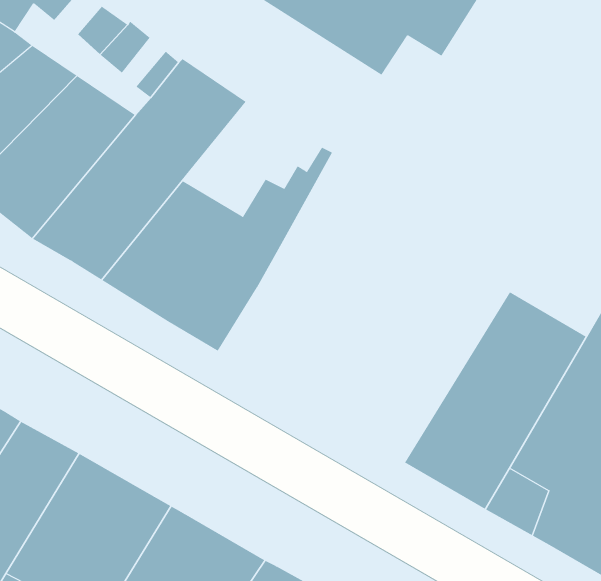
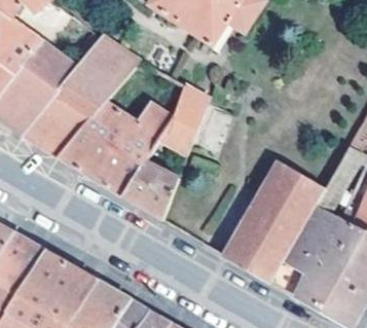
building: none -> [159,86,209,154]
building: none -> [123,160,178,219]

